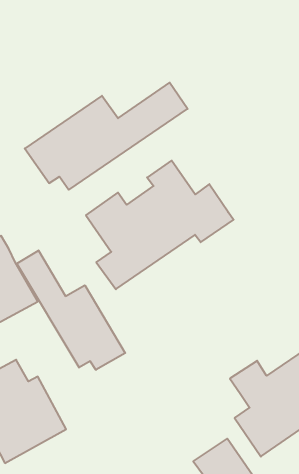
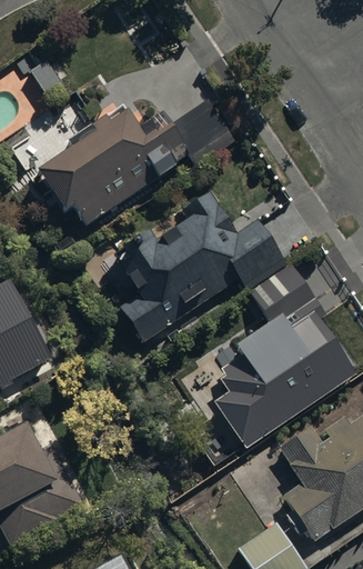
building: none -> [214,263,354,448]
building: [17,250,125,370] -> none

